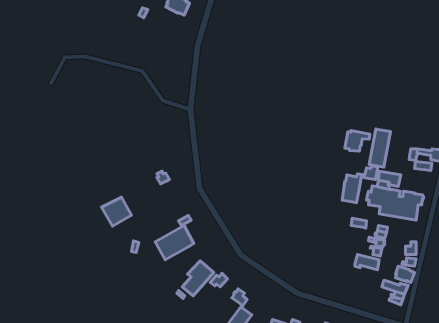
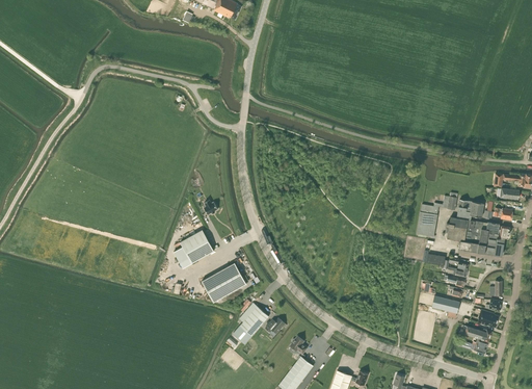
building: [369,129,390,167] -> none
building: [345,131,370,151] -> none
building: [102,197,131,226] -> [180,230,214,263]

